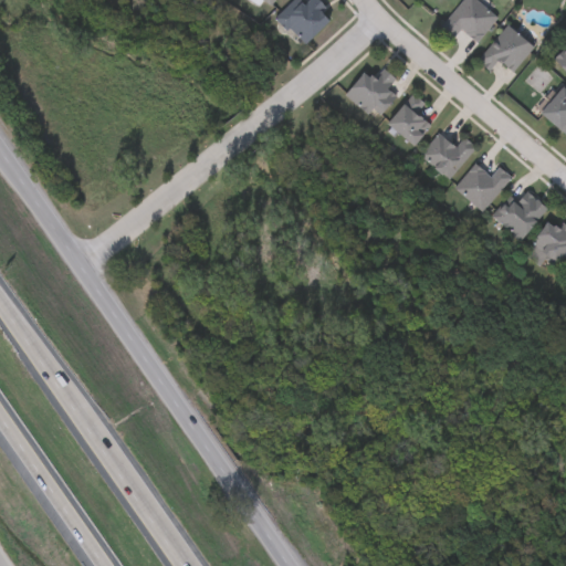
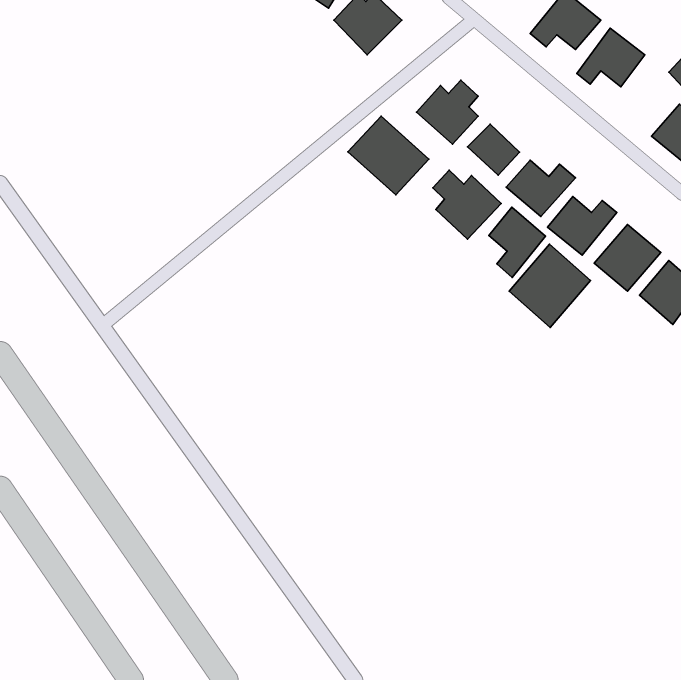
building: none -> [348,116,429,195]
building: none -> [433,170,501,239]
building: none -> [489,207,546,277]
building: none -> [509,244,591,327]

